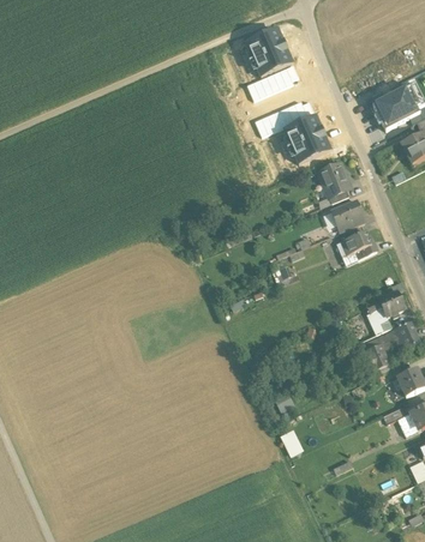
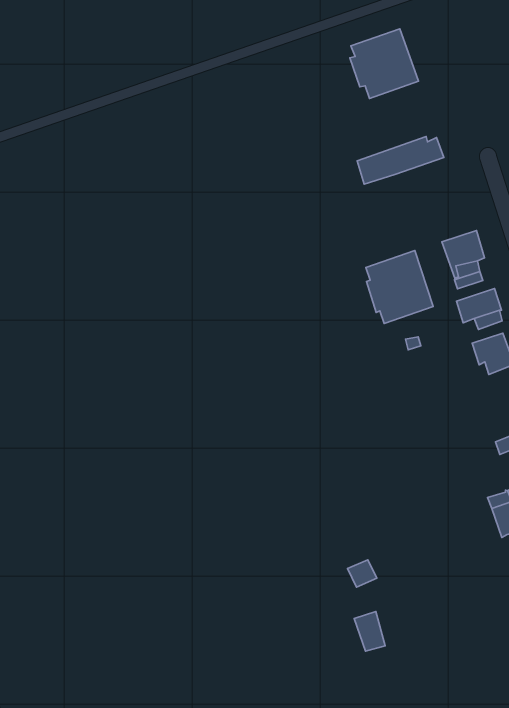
building: [247,64,299,100] -> none
building: [282,114,330,165] -> [366,250,433,324]

